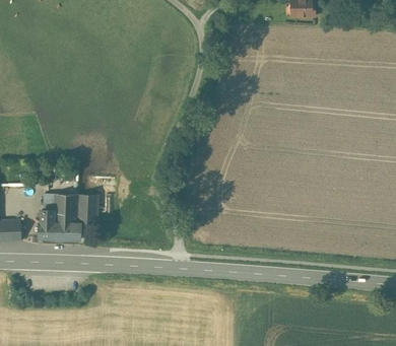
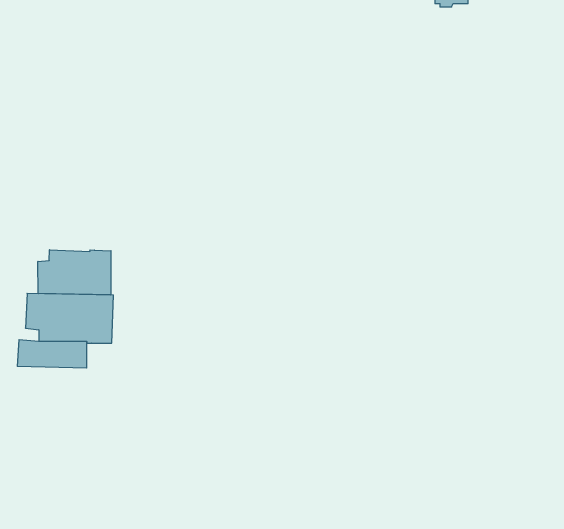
building: none -> [38,250,111,295]

